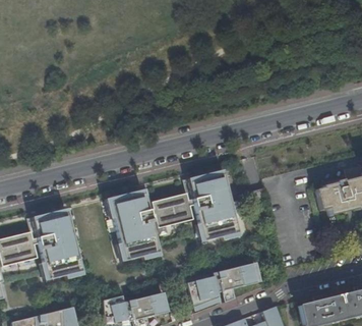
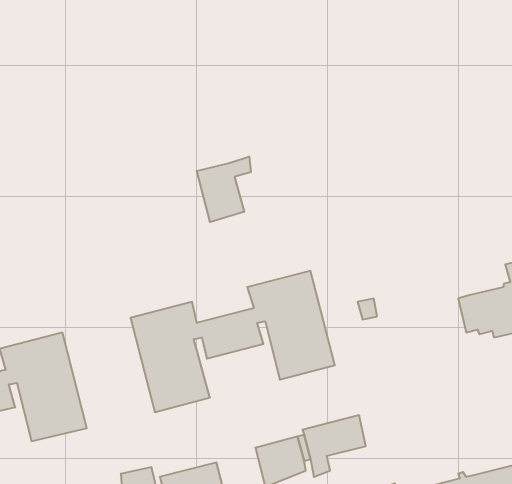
building: none -> [197,156,251,222]

